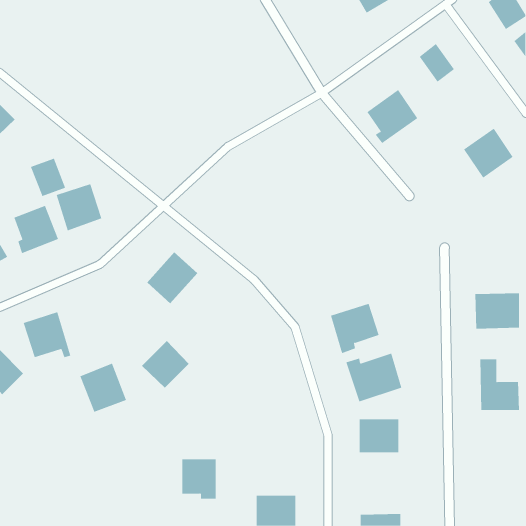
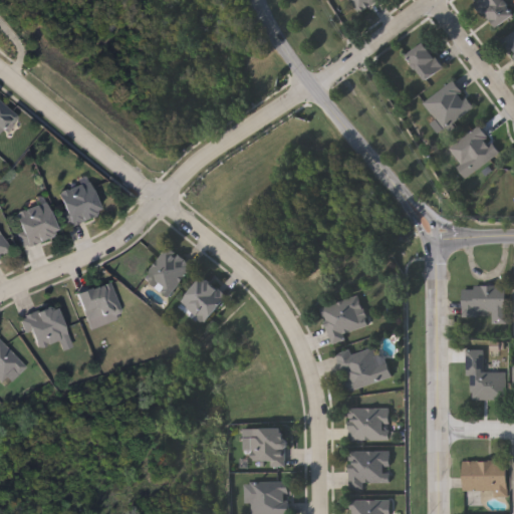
building: [367,89,418,144] -> [423,79,473,133]
building: [30,158,66,197] -> none
building: [141,340,190,389] -> [181,275,228,322]
building: [79,363,127,412] -> [76,280,122,328]
building: [182,459,217,499] -> [252,428,286,467]
building: none -> [350,451,390,486]
building: none -> [464,461,506,491]

